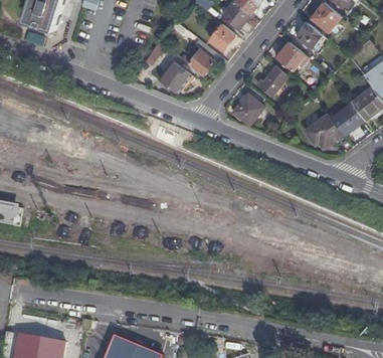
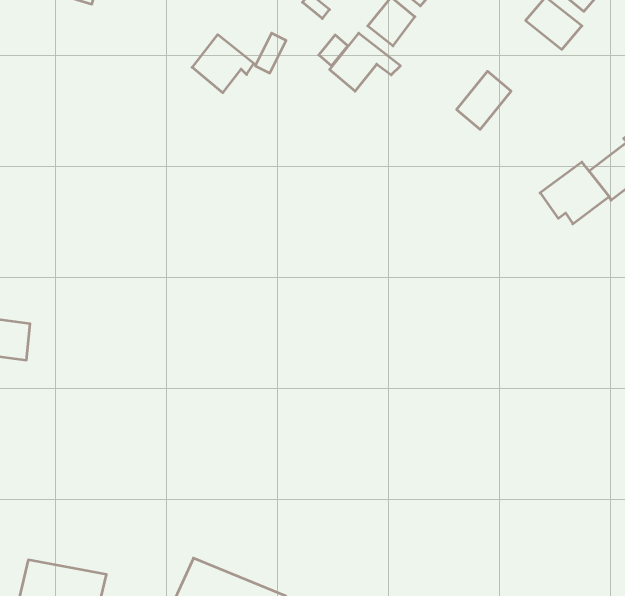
building: [273,42,304,71] -> none
building: [158,62,192,95] -> [192,35,254,93]
building: [230,94,262,126] -> none

